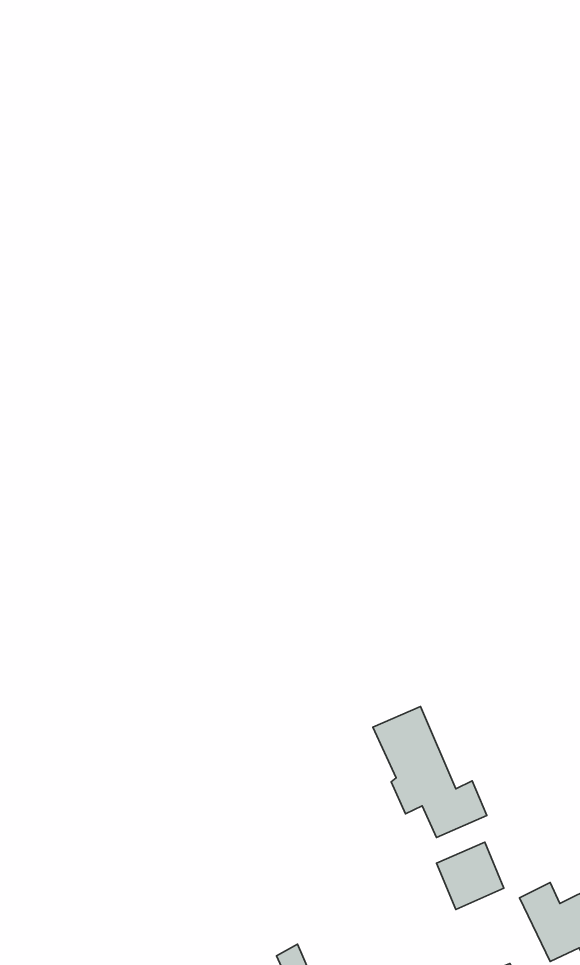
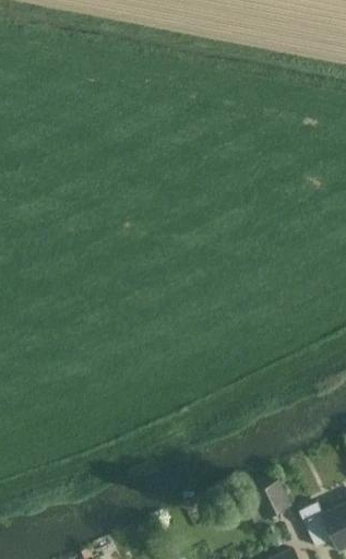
building: [373,706,487,838] -> none

